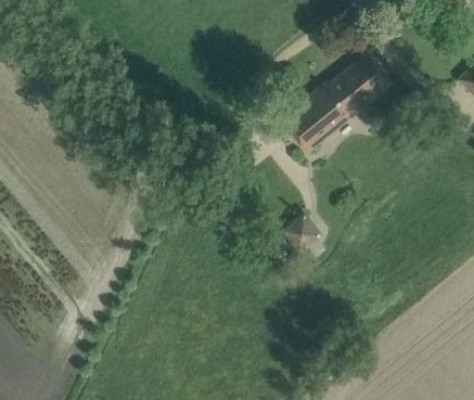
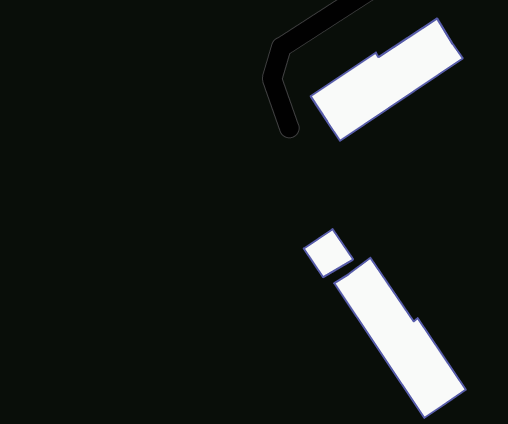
building: none -> [334,258,466,418]

